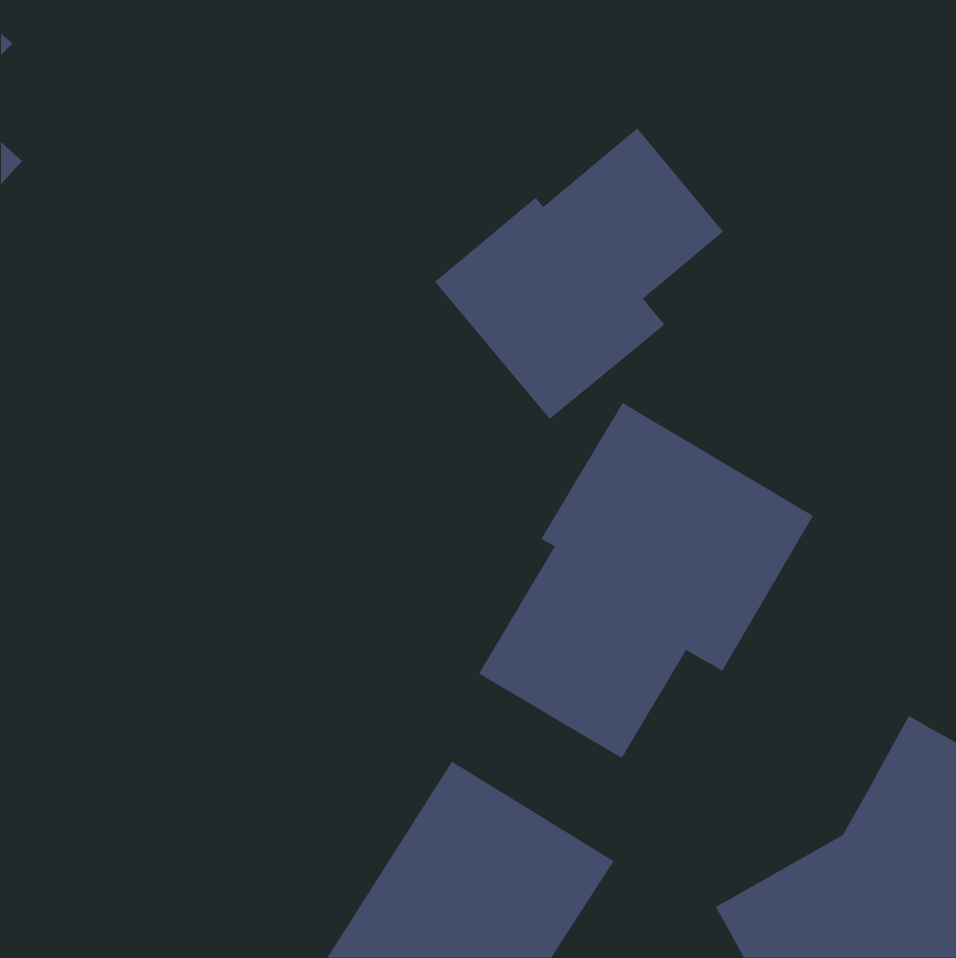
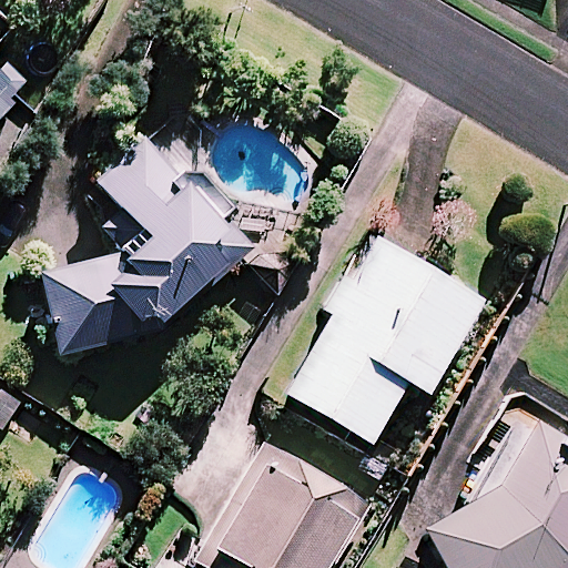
building: [434,127,724,420] -> none
building: none -> [41,138,244,355]

